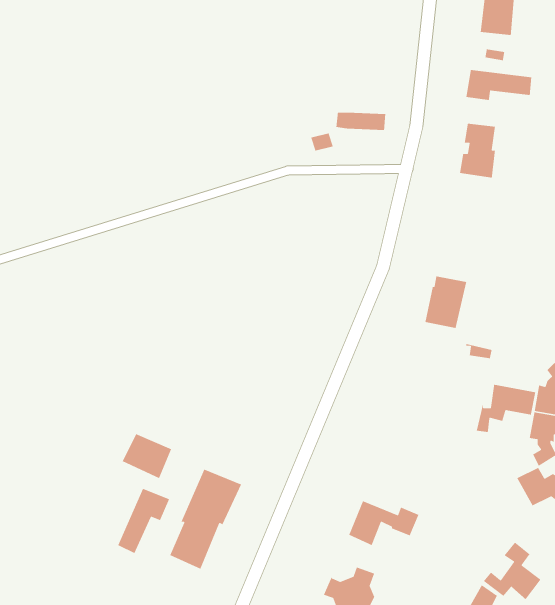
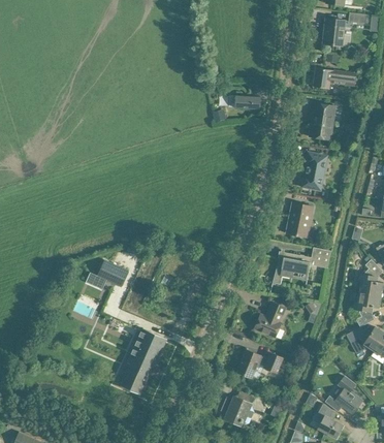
building: none -> [301,152,327,190]
building: [476,384,536,433] -> [273,252,312,284]
building: none -> [254,302,286,338]
building: [122,433,172,479] -> [95,260,128,290]
building: [117,488,170,554] -> none

